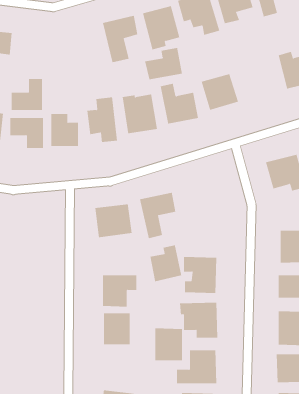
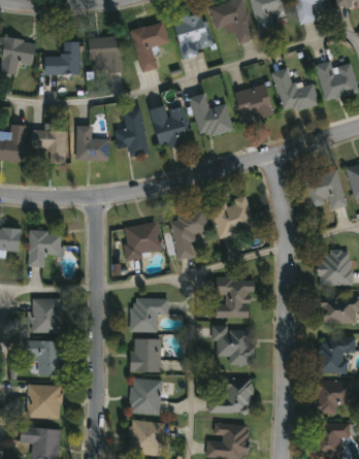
building: none -> [88,37,121,74]
building: [144,47,183,80] -> none
building: none -> [272,69,318,113]
building: [11,78,43,111] -> [44,42,78,76]
building: none -> [210,197,254,237]
building: none -> [28,231,62,266]
building: [150,245,182,282] -> none
building: none -> [32,298,62,332]
building: none -> [29,340,62,375]
building: [154,328,183,361] -> [130,379,160,414]
building: none -> [27,385,60,419]

